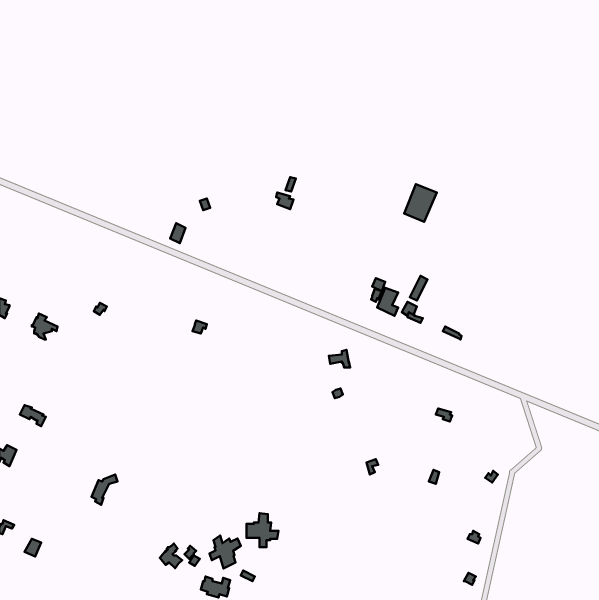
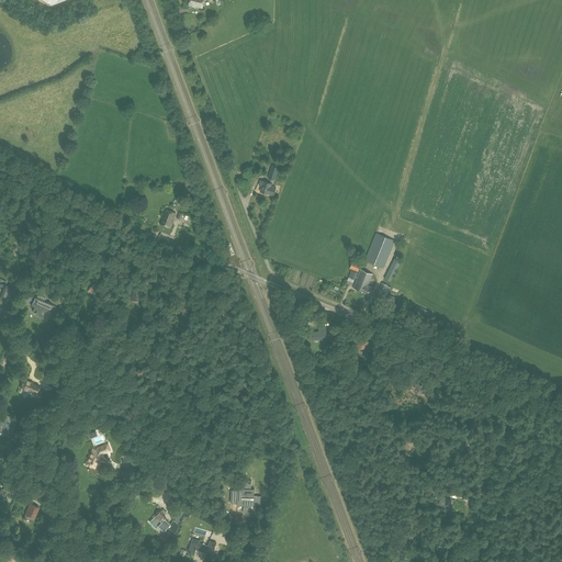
building: [404,184,437,222] -> [363,233,394,268]
building: [210,535,241,568] -> none

